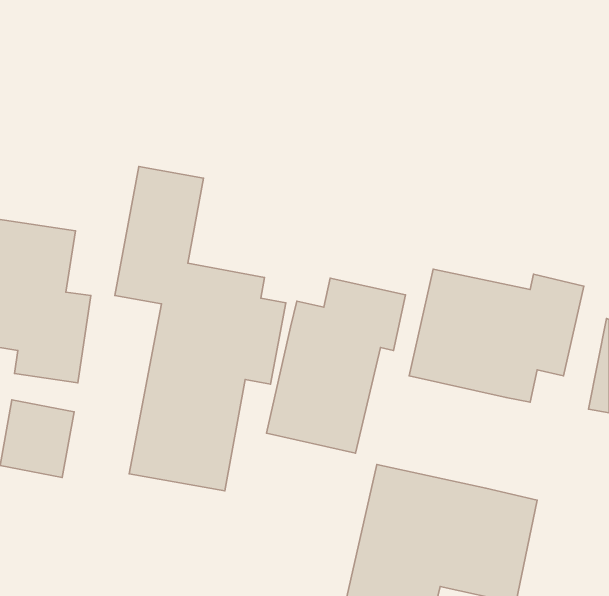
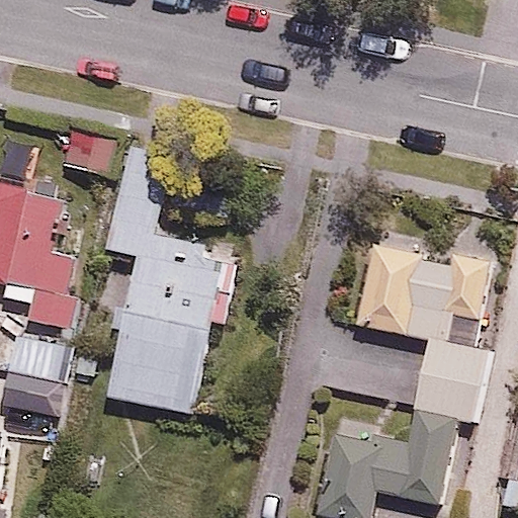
building: [266,278,405,453] -> none
building: none -> [411,349,487,439]

